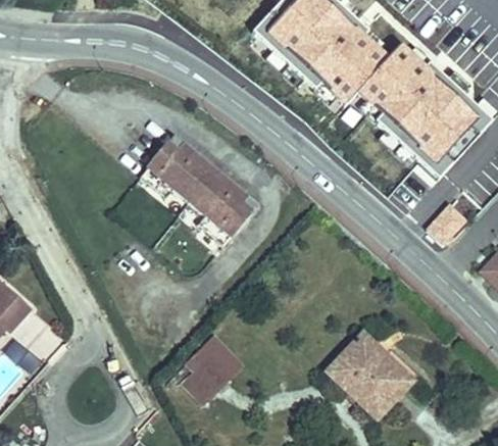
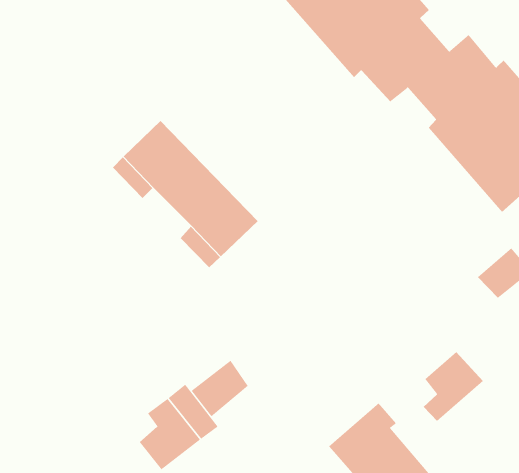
building: none -> [423,351,484,422]
building: none -> [191,360,249,417]

